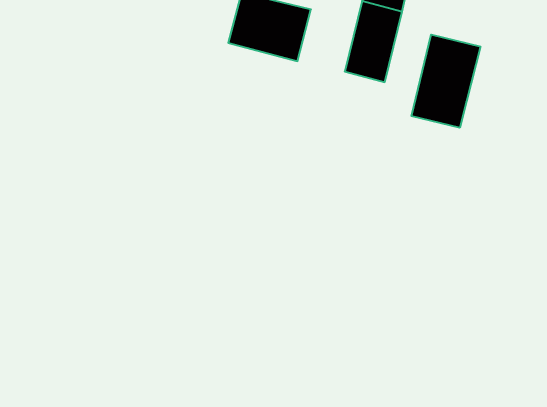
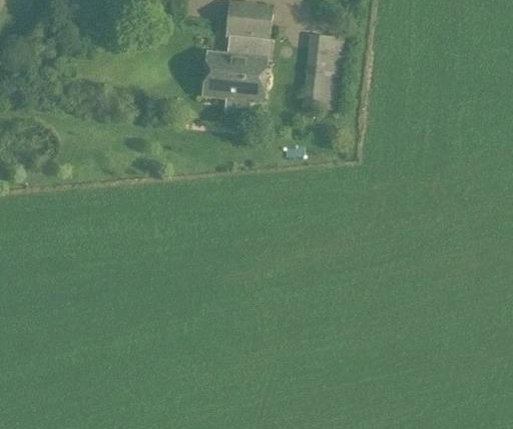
building: [411,35,480,128] -> none

